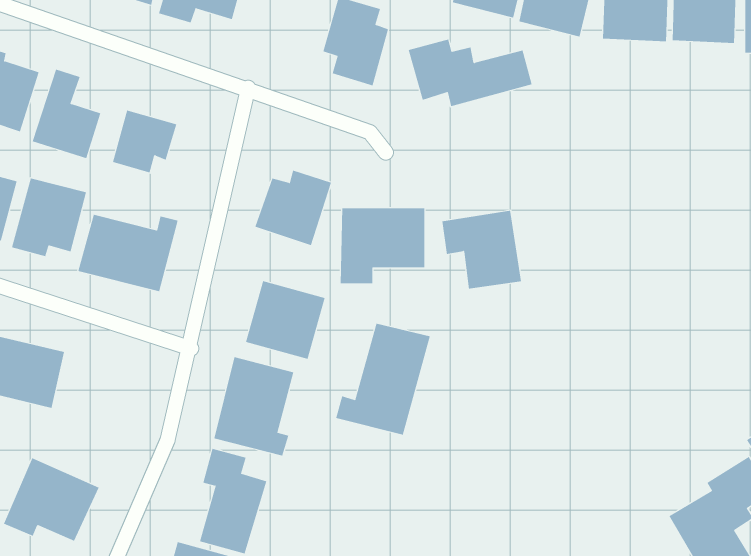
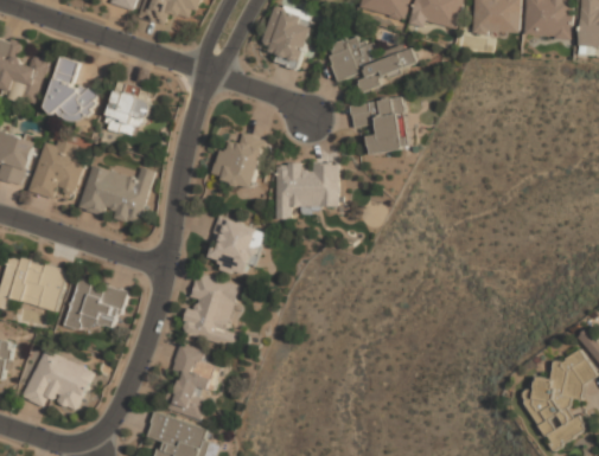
building: [441,210,522,289] -> [349,95,409,154]
building: [335,323,430,435] -> none
building: none -> [64,277,126,334]

